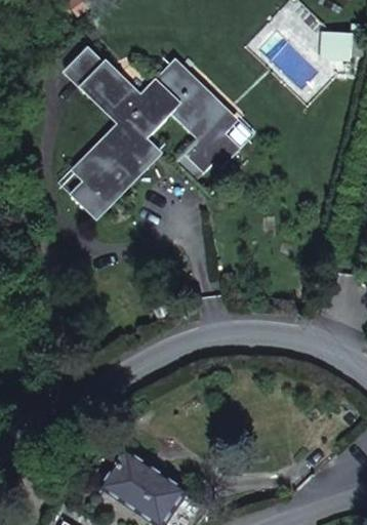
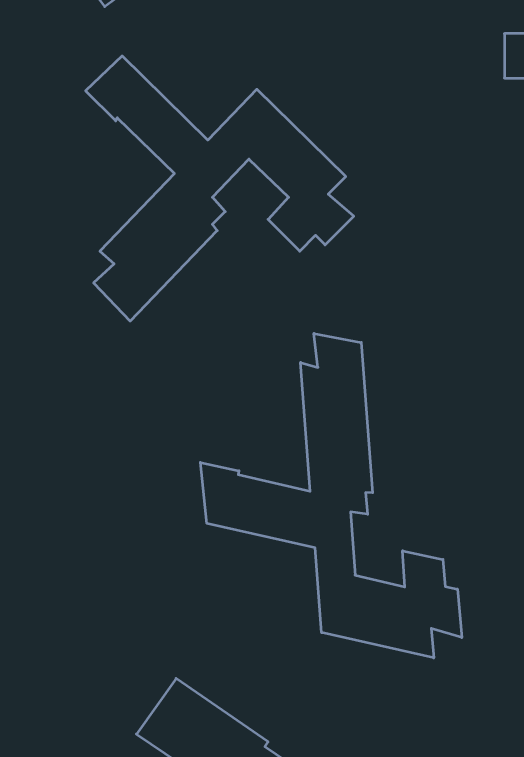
building: none -> [200,333,462,658]

